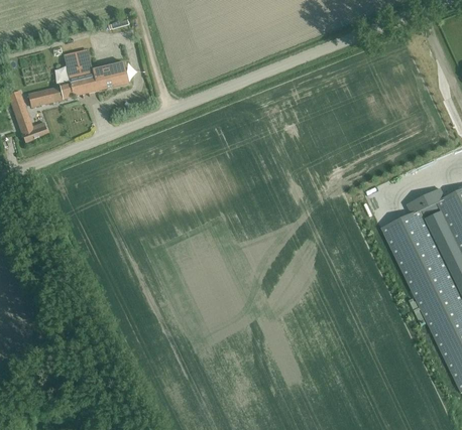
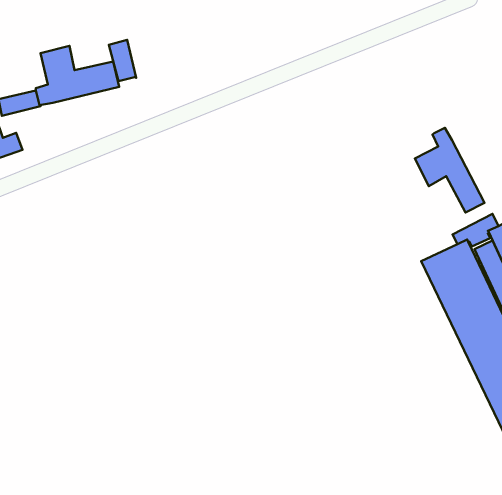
building: none -> [109,40,136,81]
building: none -> [415,128,484,212]

